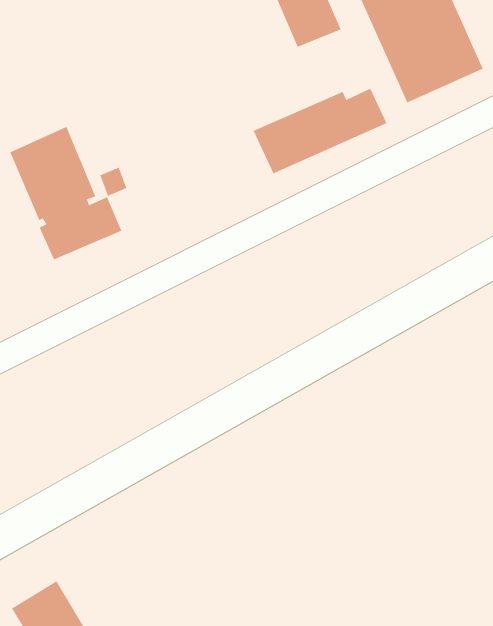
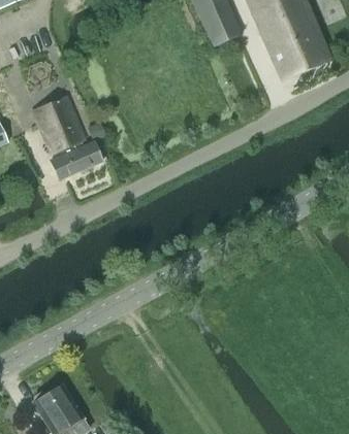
building: [253,88,387,174] -> none

